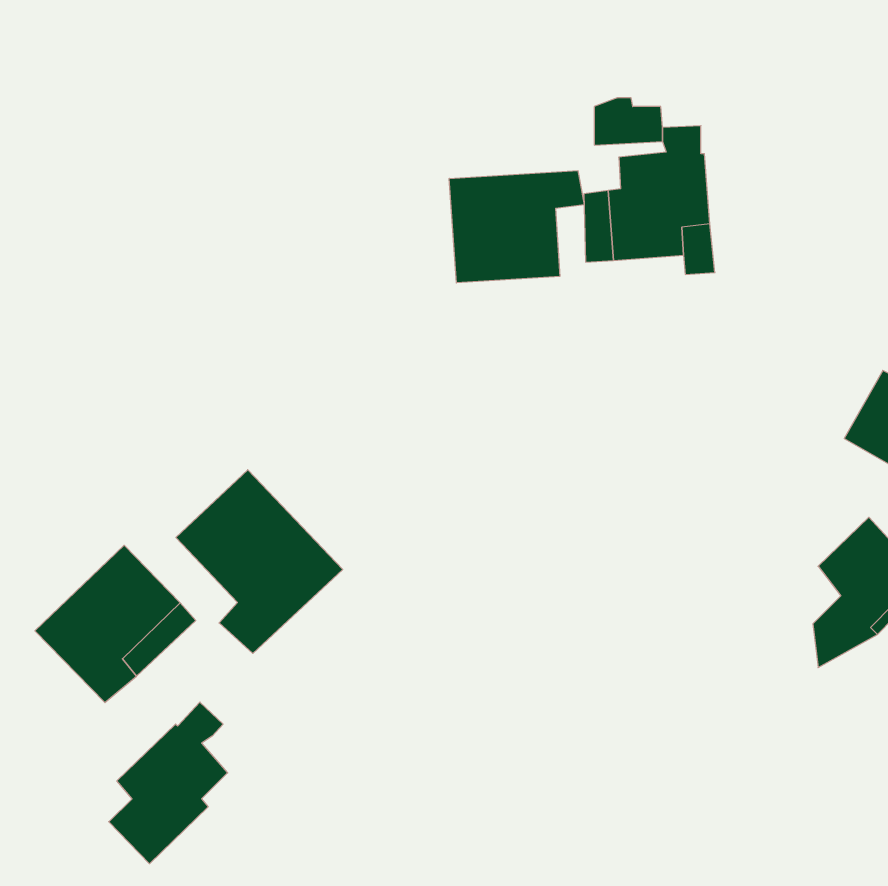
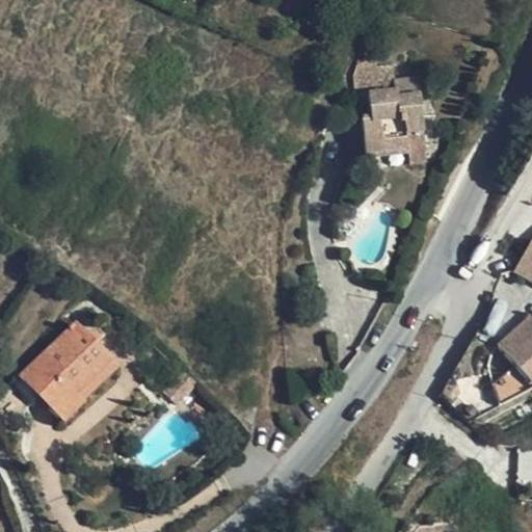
building: [449,171,584,283] -> none
building: [176,470,343,653] -> none
building: [109,702,228,864] -> none

